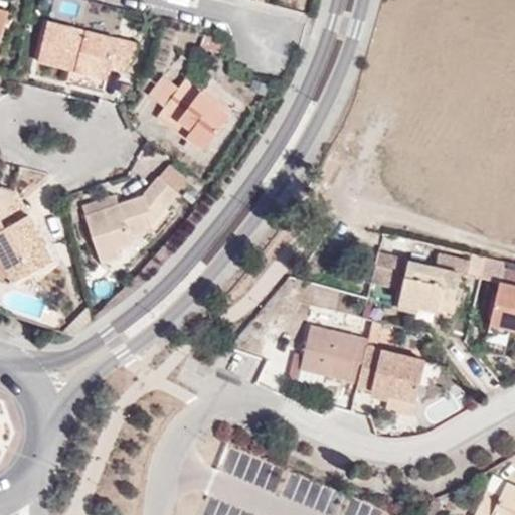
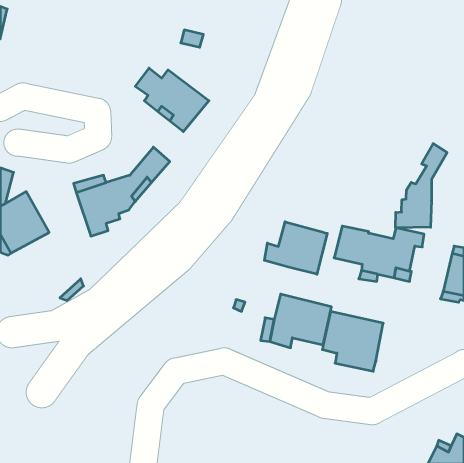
building: [37,20,137,78] -> none
building: none -> [396,144,447,228]
building: none -> [264,222,327,274]

